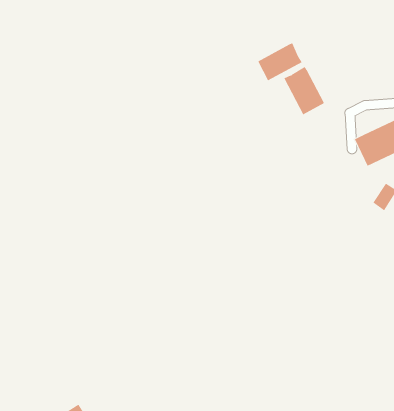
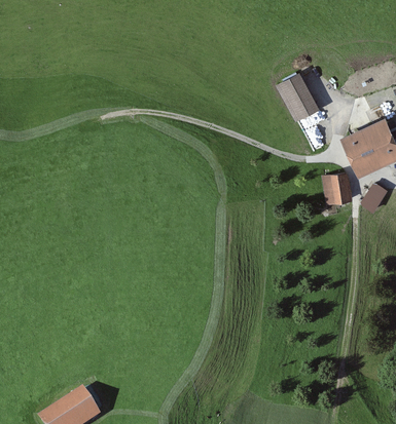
building: [258,43,303,81] -> none
building: none -> [323,174,350,203]

